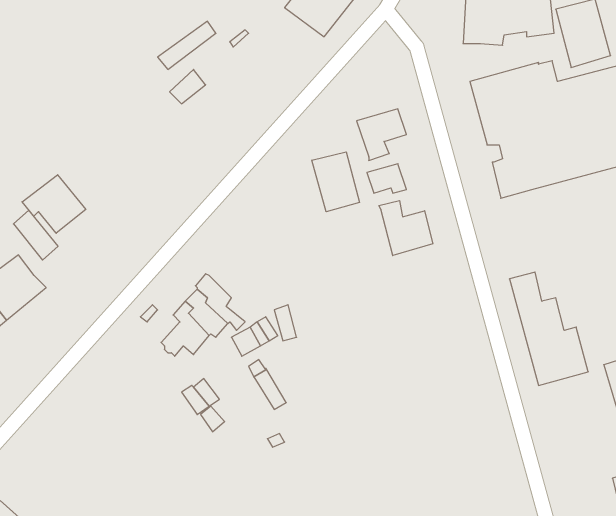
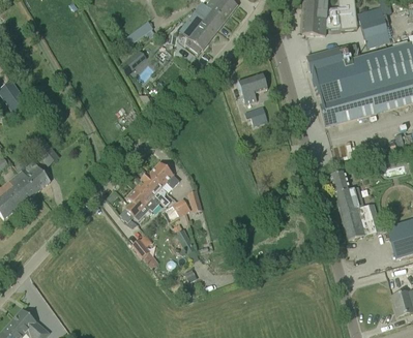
building: none -> [179,11,217,51]
building: [312,152,360,212] -> none
building: [22,175,86,233] -> none
building: [379,201,433,256] -> none
building: none -> [148,161,179,192]

